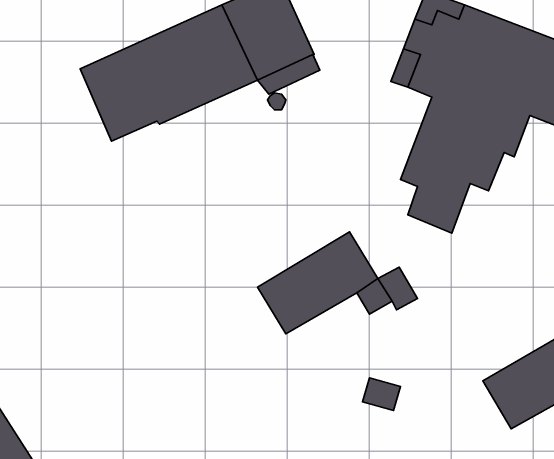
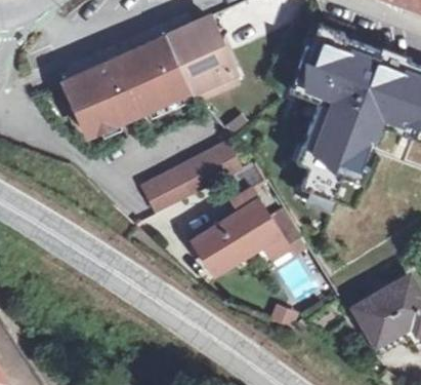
building: none -> [143,144,242,215]

